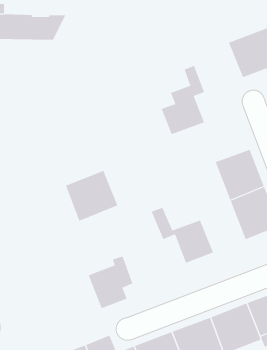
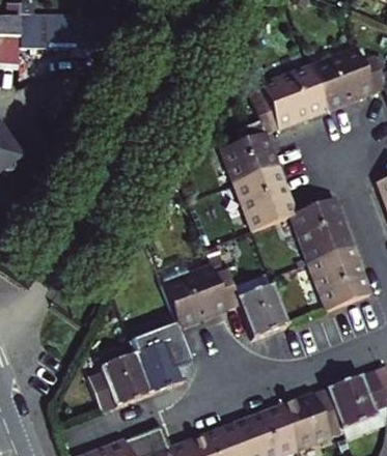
building: none -> [259,65,323,126]
building: none -> [234,164,295,227]
building: [65,170,118,221] -> [159,265,224,329]
building: none -> [87,352,148,412]

